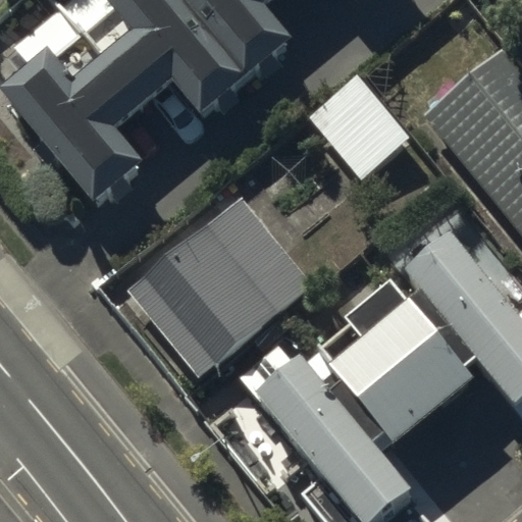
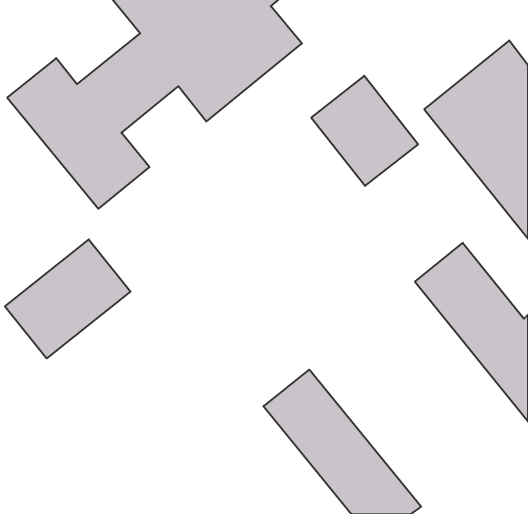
building: [129,193,314,371] -> none
building: none -> [5,239,131,358]
building: [333,307,476,449] -> none

